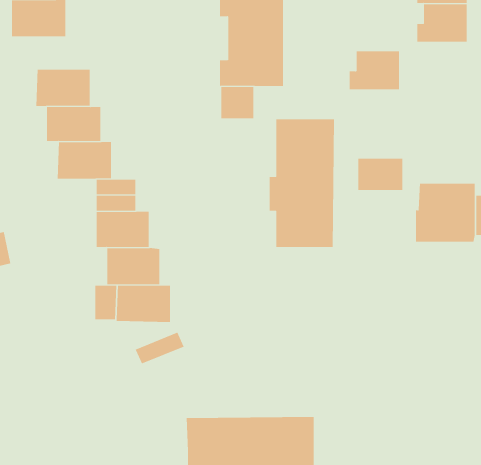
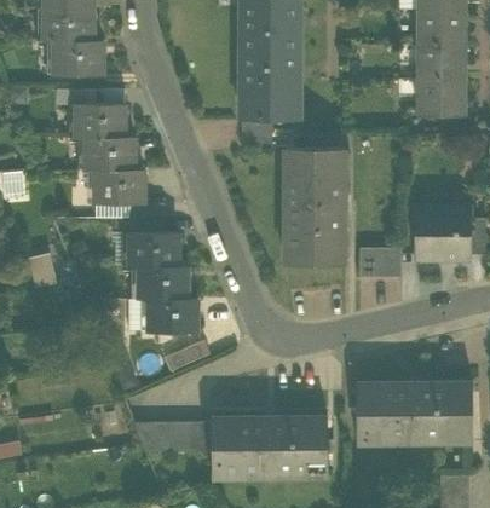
building: [349,51,400,90] -> [419,80,465,115]
building: [357,158,403,190] -> [361,248,402,277]
building: none -> [356,383,472,441]
building: none -> [133,418,212,450]

